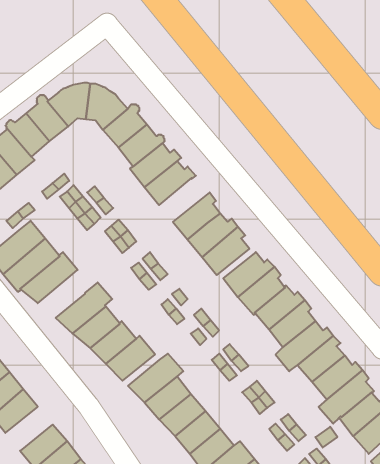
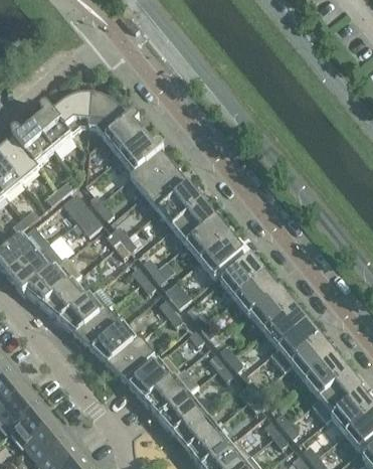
building: none -> [158,185,206,227]
building: none -> [41,280,86,320]
building: none -> [10,406,55,448]

